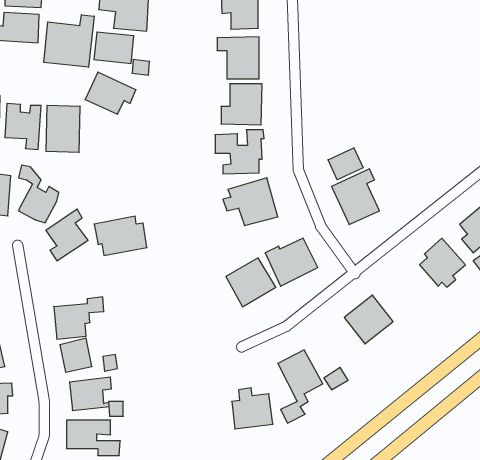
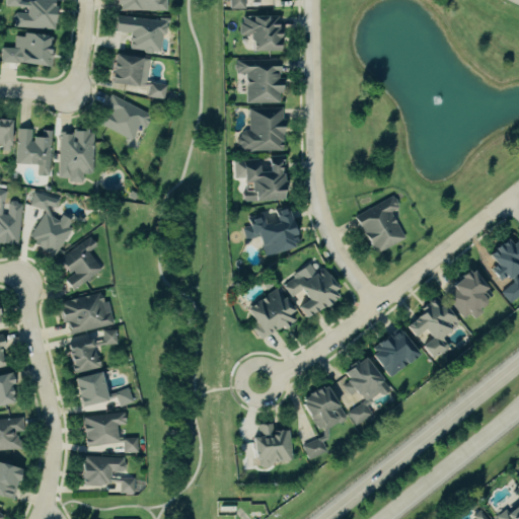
building: [44,15,94,67] -> none
building: [328,148,363,180] -> none
building: [94,216,147,255] -> [60,294,115,335]
building: none -> [405,304,460,359]
building: none -> [335,356,388,403]

